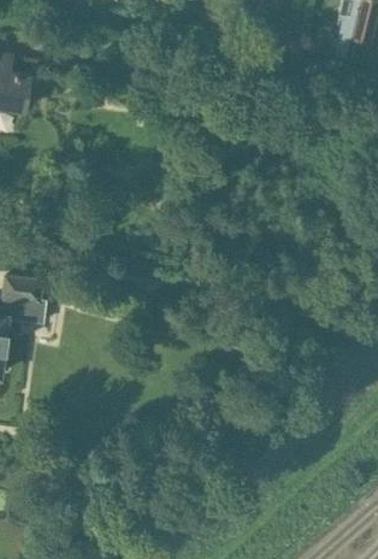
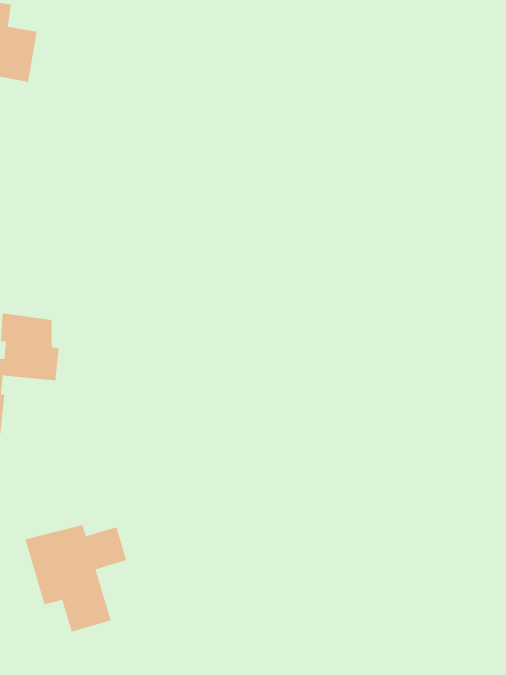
building: none -> [25,524,127,633]

